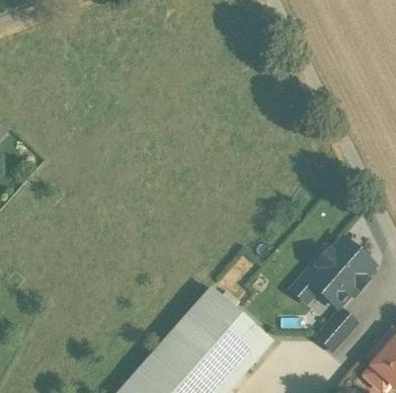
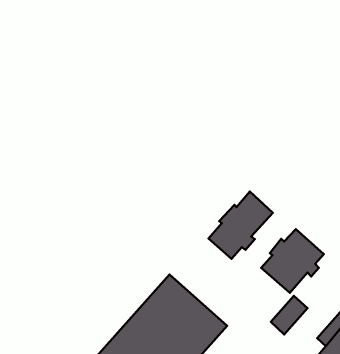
building: none -> [208,192,273,259]

